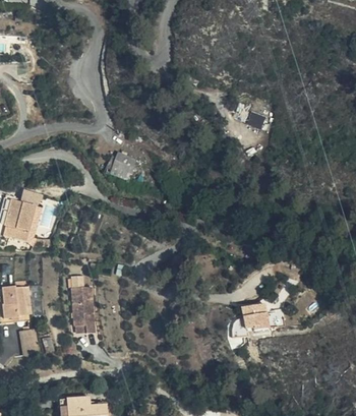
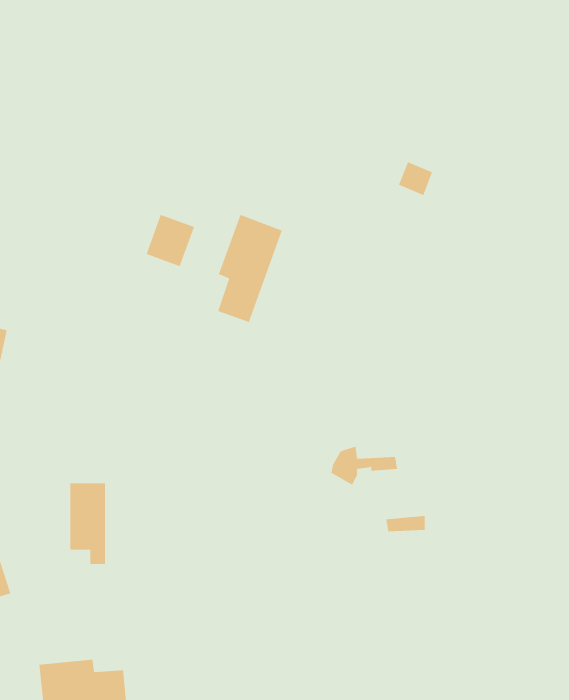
building: none -> [217,214,282,323]
building: [232,311,270,334] -> [331,446,398,486]

